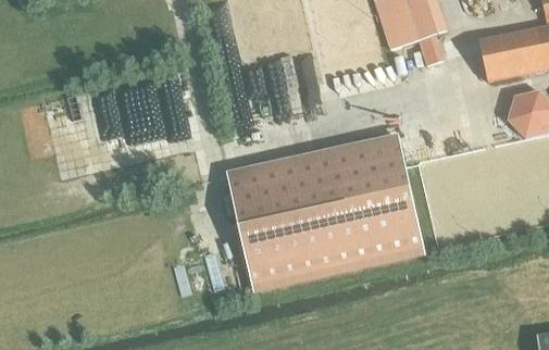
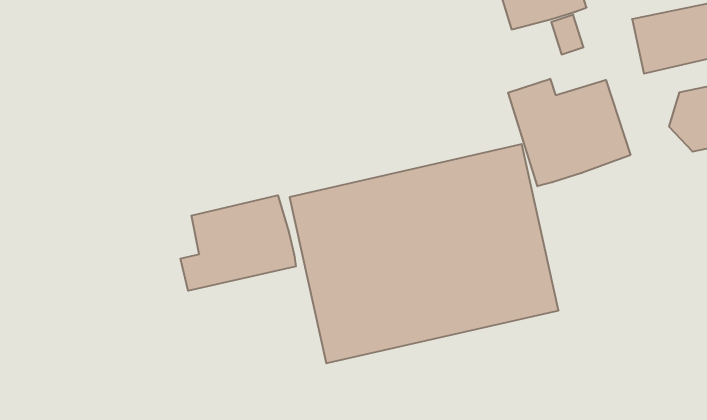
building: none -> [508,79,630,186]
building: none -> [180,195,296,291]

